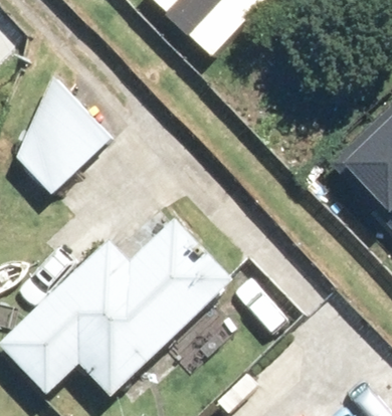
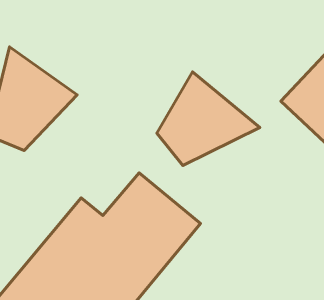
building: none -> [157,72,260,165]

